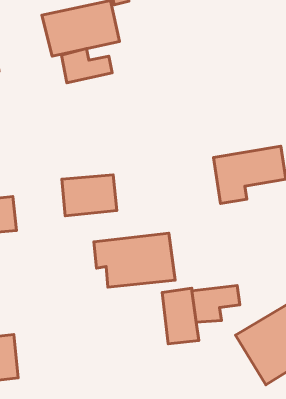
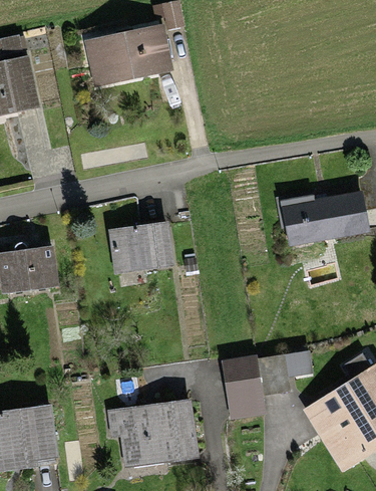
building: [62,49,112,83] -> none
building: [94,233,175,287] -> [102,402,196,464]

